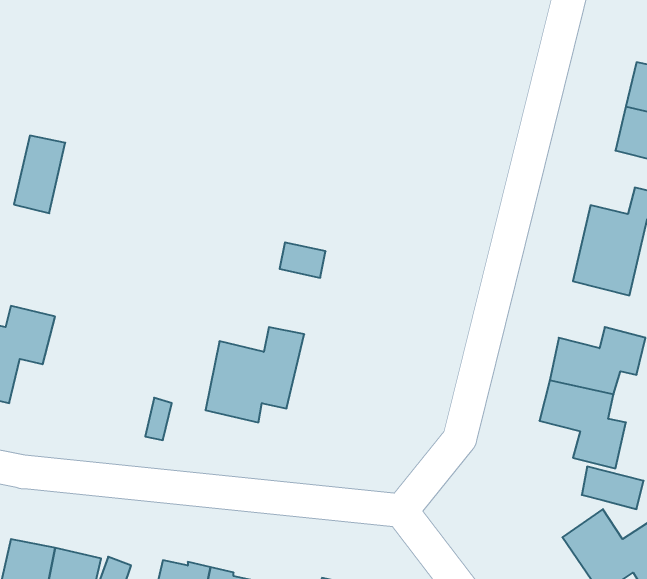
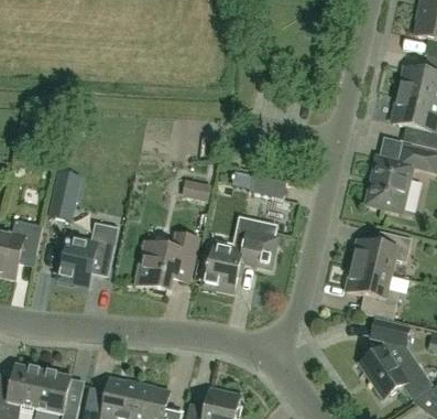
building: [14,136,65,213] -> [50,172,81,221]
building: none -> [249,173,287,198]
building: none -> [205,216,277,291]
building: none -> [59,221,119,284]

